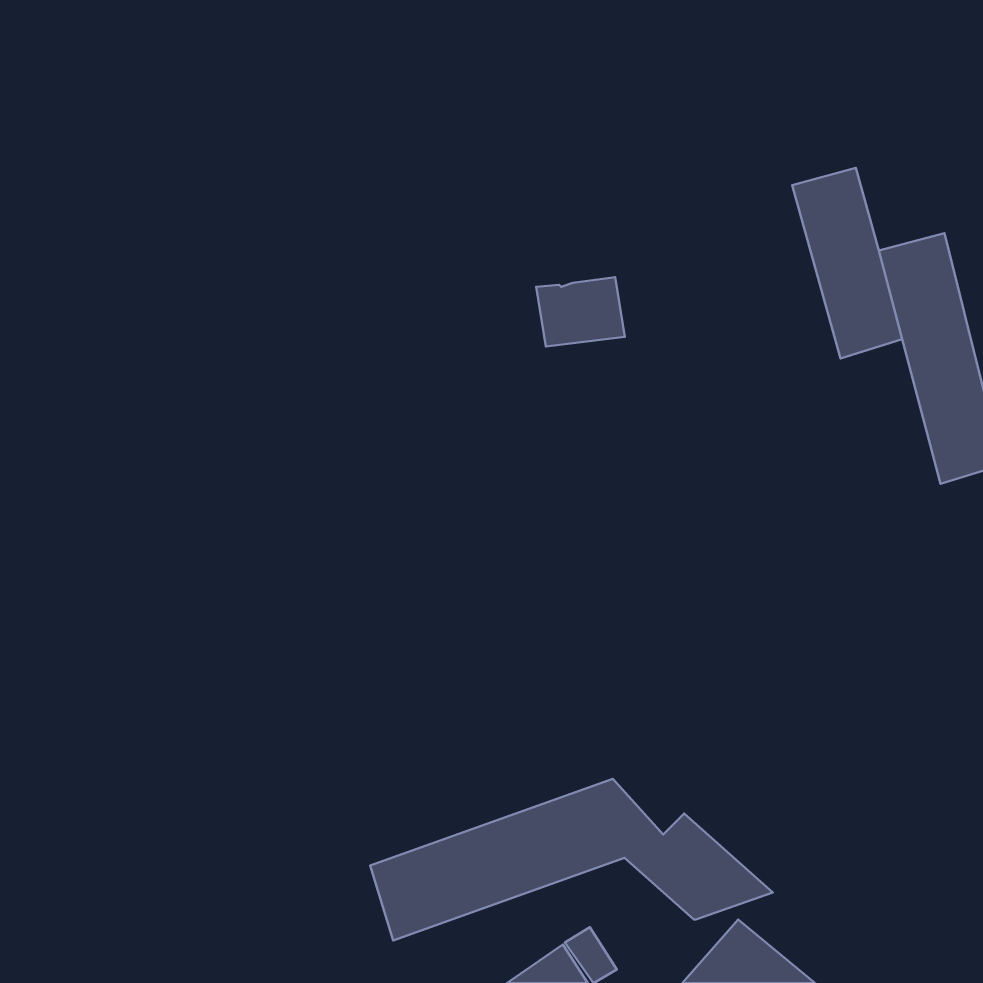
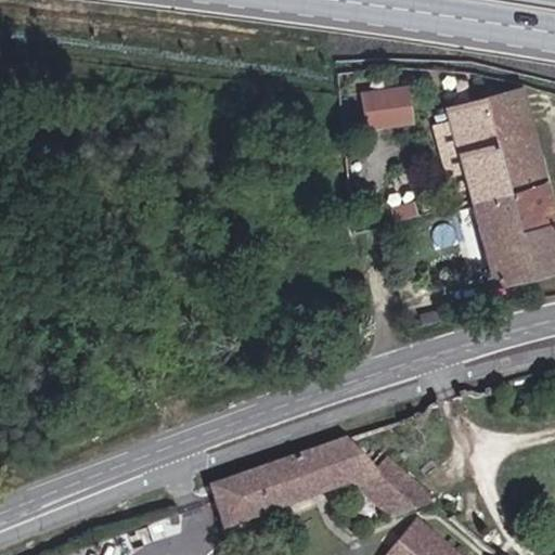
building: none -> [482,85,532,141]
building: [536,277,625,346] -> [361,87,411,126]
building: none -> [463,191,530,281]

